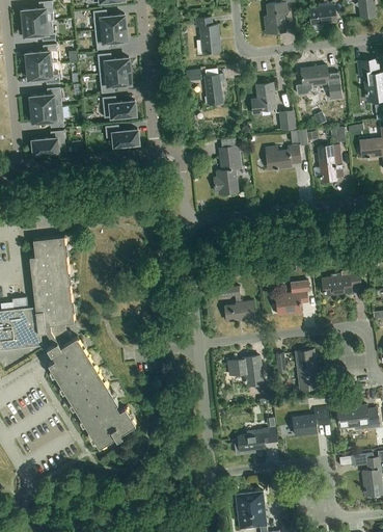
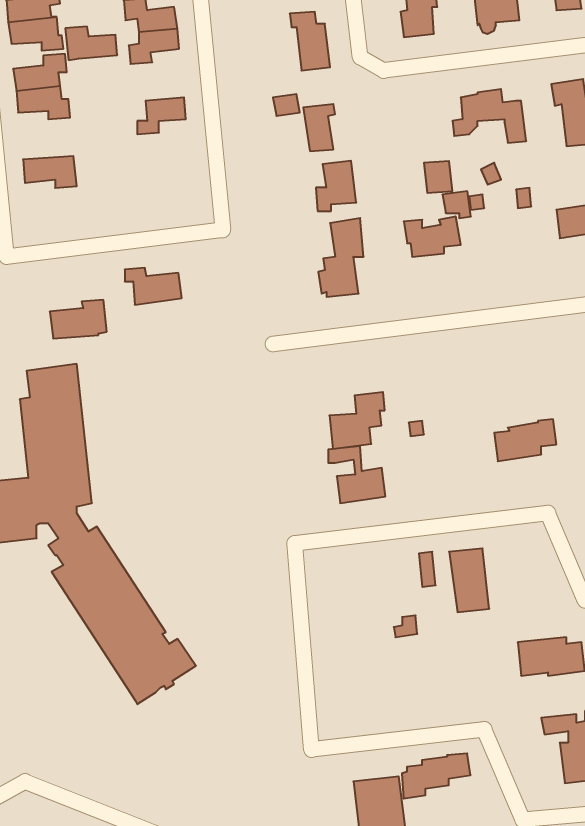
building: [98,53,130,74] -> [65,27,117,60]
building: [251,83,276,114] -> [316,161,356,211]
building: [28,86,61,109] -> none
building: [102,97,136,117] -> none
building: [105,125,140,148] -> [125,268,182,305]
building: [30,131,65,155] -> [50,300,107,338]
building: [318,143,344,182] -> none
building: [275,281,309,316] -> [329,392,385,449]
building: [227,356,263,385] -> none
building: [293,408,329,435] -> none
building: [235,428,277,456] -> [402,753,471,799]

